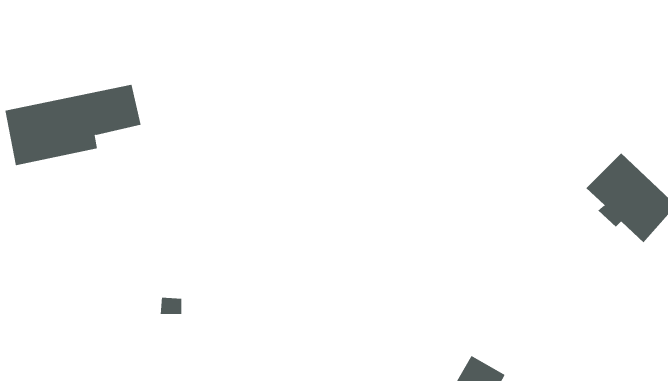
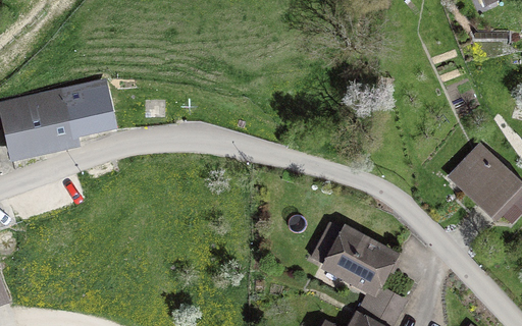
building: none -> [312,230,403,319]

